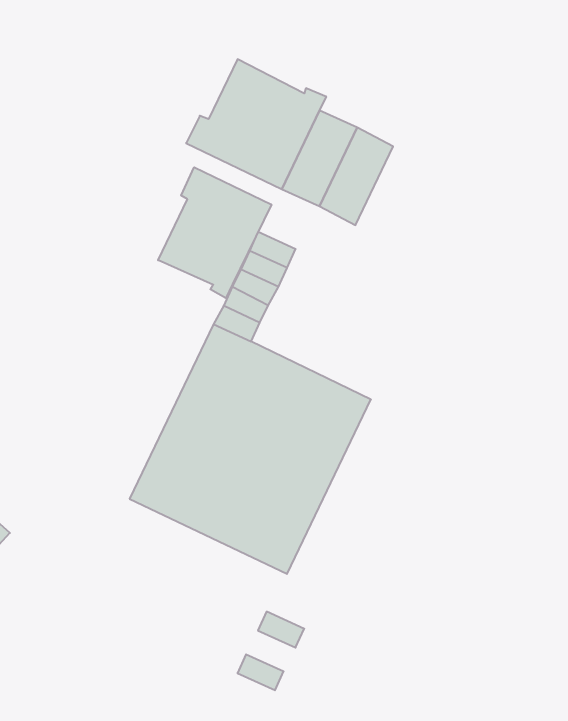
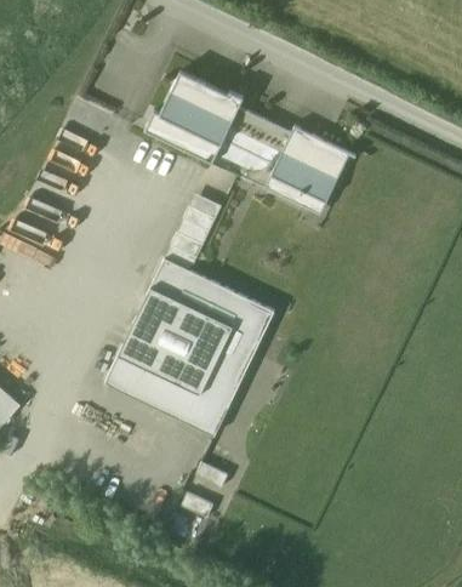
building: none -> [264,125,355,207]
building: [158,167,271,298] -> none

